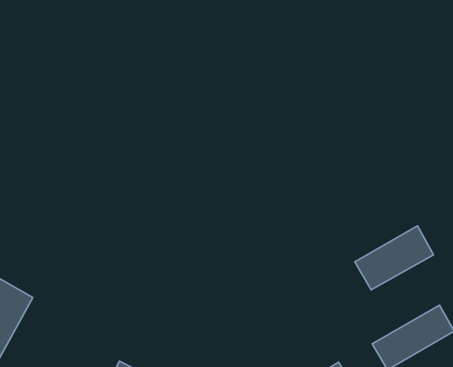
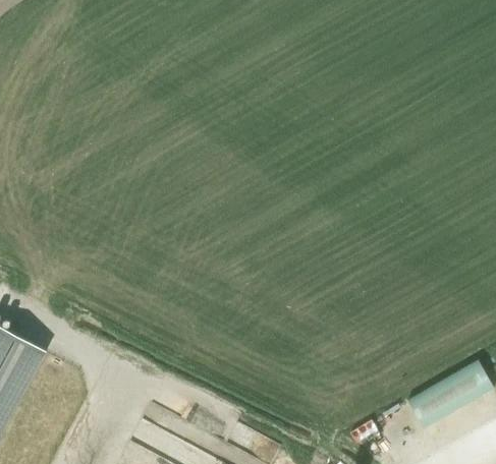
building: [355,226,434,290] -> none

